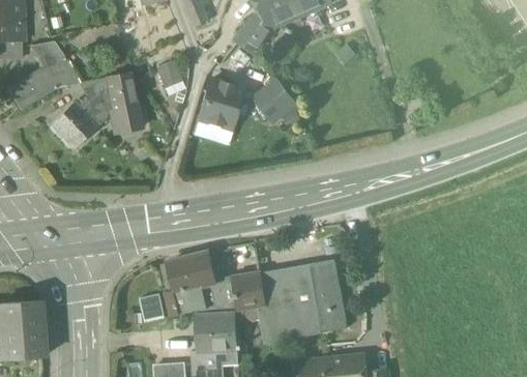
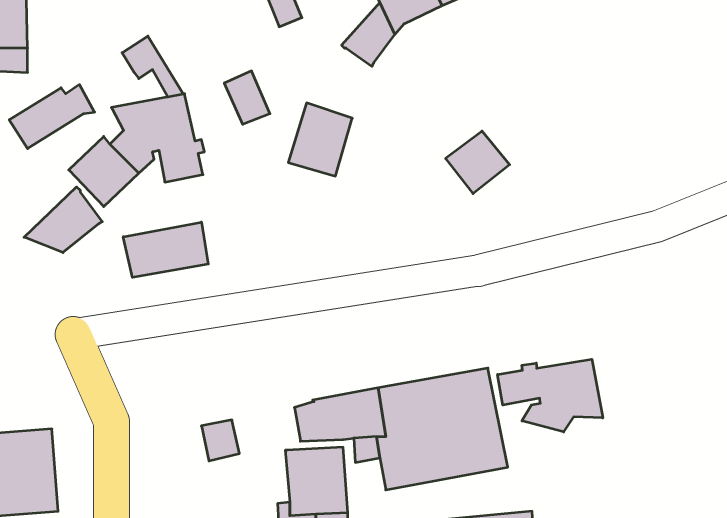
building: [35,44,77,85] -> [122,36,183,97]
building: [253,80,296,122] -> [446,131,510,194]
building: none -> [24,187,102,253]
building: none -> [123,222,208,277]
building: [160,252,215,315] -> none
building: none -> [498,359,603,432]

